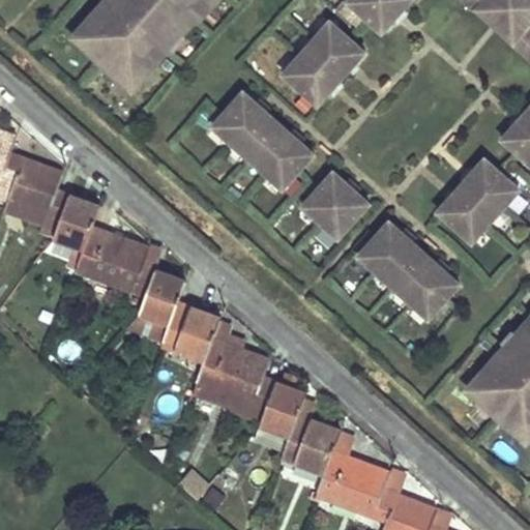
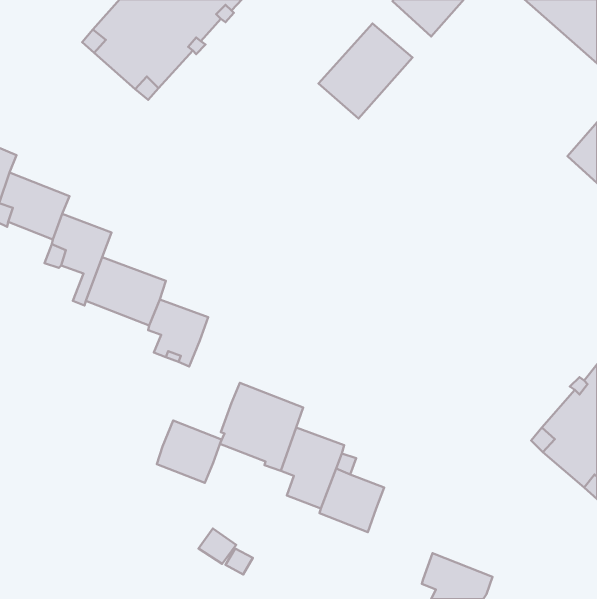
building: [211,91,313,188] -> none
building: [436,157,519,241] -> none
building: [301,171,369,238] -> none
building: [357,220,459,318] -> none
building: [161,300,218,355] -> [157,421,221,483]
building: [316,448,388,510] -> none

